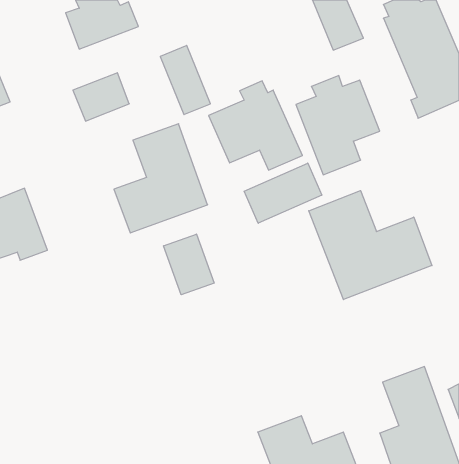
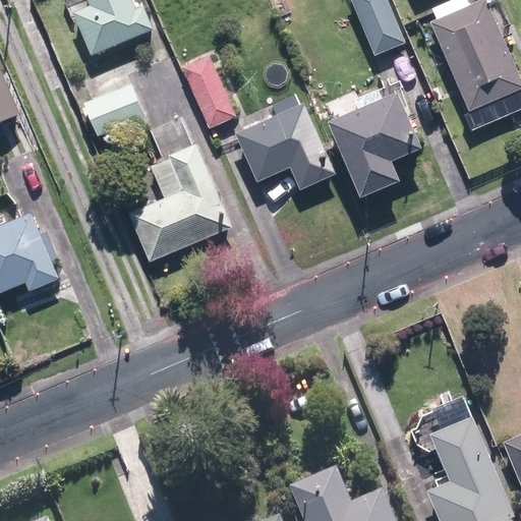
building: [244,163,322,223] -> none
building: [309,191,432,300] -> none
building: [164,234,214,295] -> none

